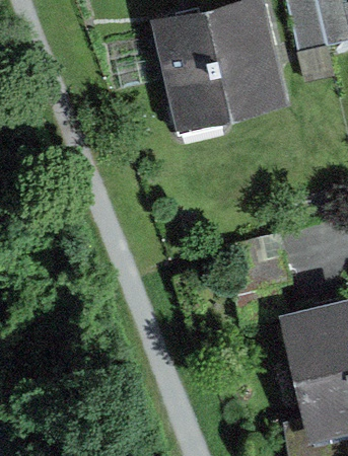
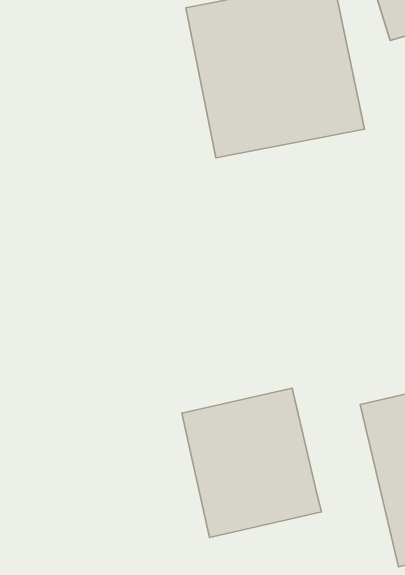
building: none -> [182,388,322,538]

